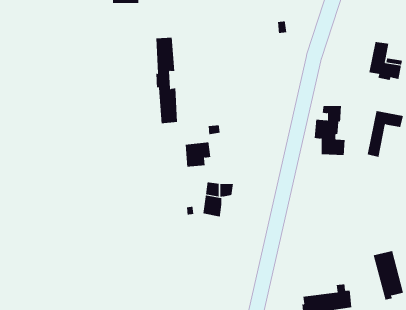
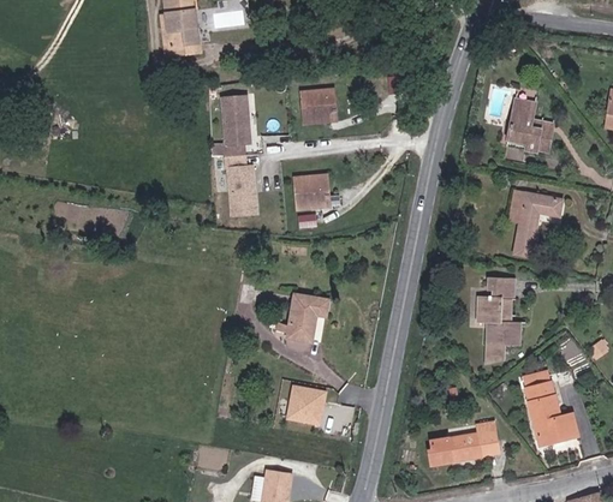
building: none -> [303,89,335,122]
building: [314,106,345,155] -> [471,280,513,346]
building: [185,142,211,167] -> [293,174,328,208]
building: none -> [278,383,319,424]

